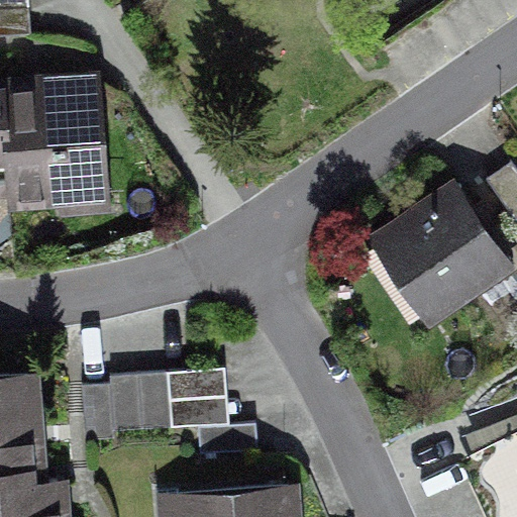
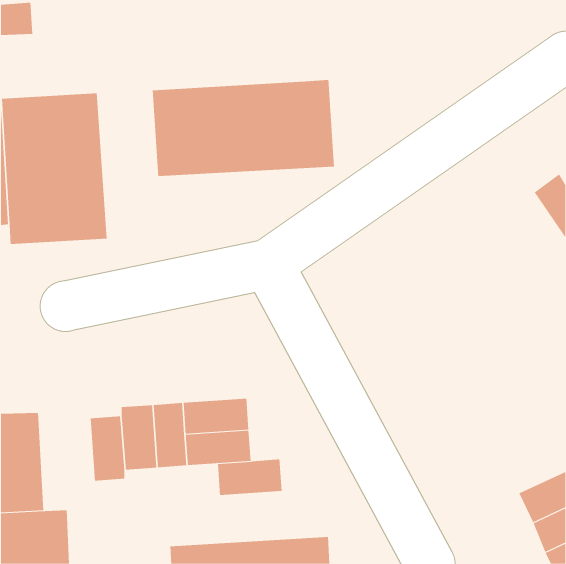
building: none -> [152,79,334,177]
building: [370,191,506,329] -> none

